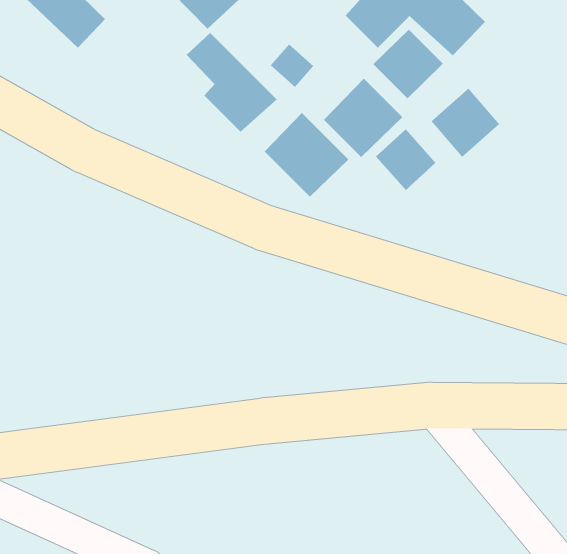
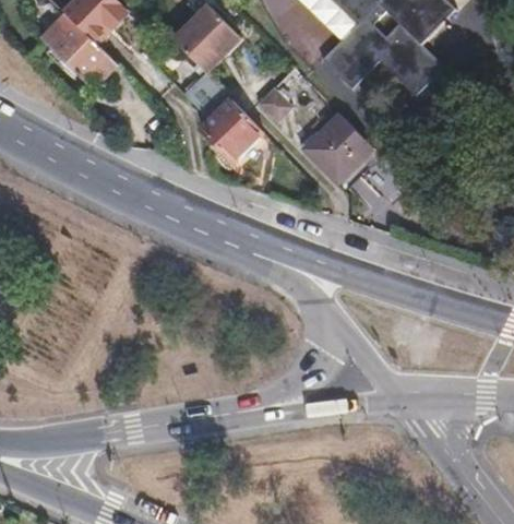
building: [373,29,444,99] -> none
building: [431,88,500,158] -> none
building: [264,112,349,197] -> none

